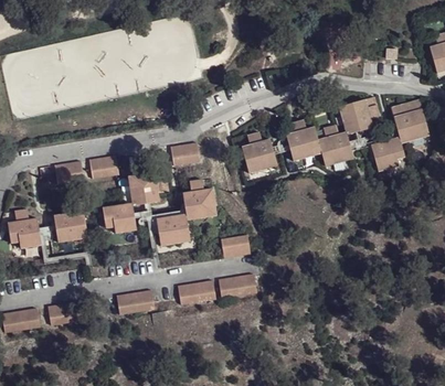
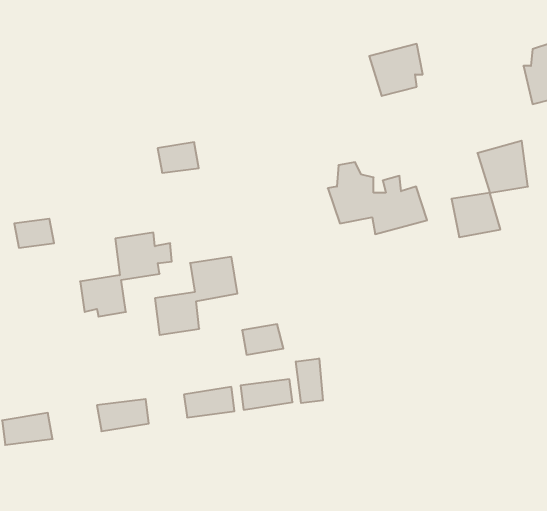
building: [337,99,375,137] -> [369,44,423,96]
building: [243,135,277,173] -> none
building: [171,141,201,163] -> [158,142,199,173]
building: [91,154,119,176] -> none
building: [54,200,88,240] -> none
building: none -> [296,358,323,403]

